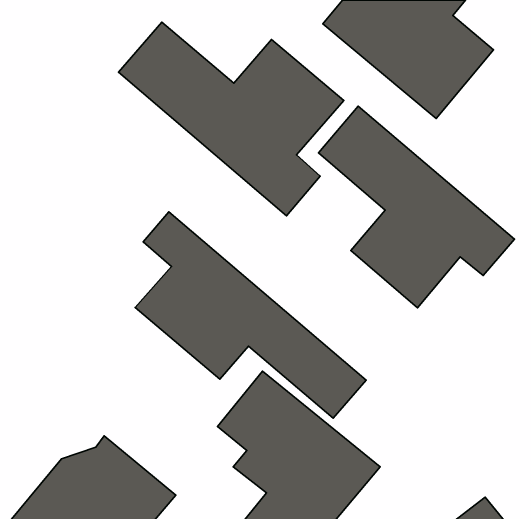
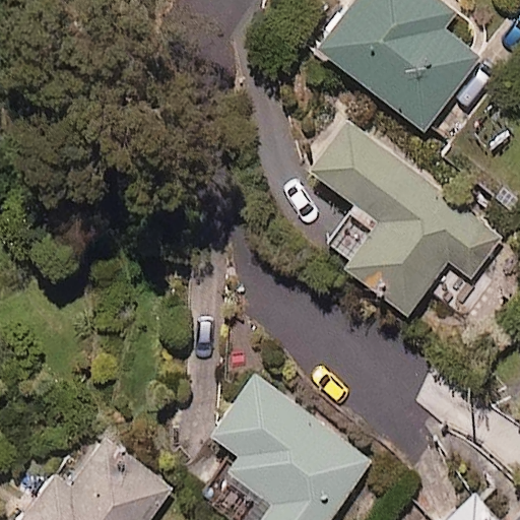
building: [118,22,344,216] -> none
building: [135,212,366,418] -> none

